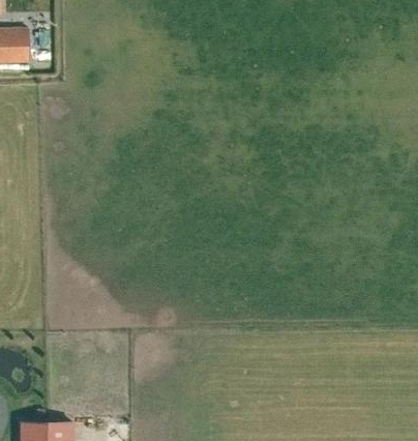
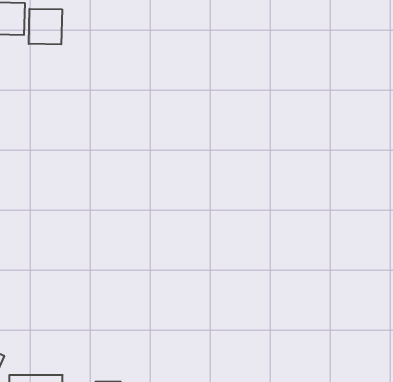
building: none -> [29,9,62,44]

